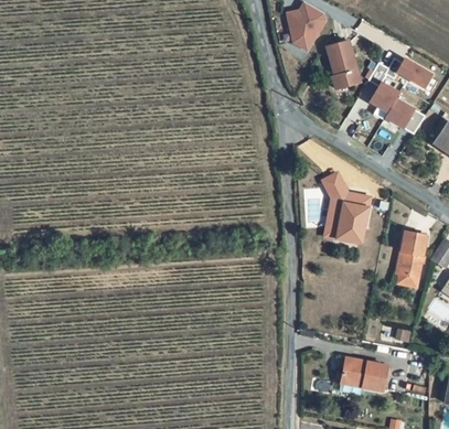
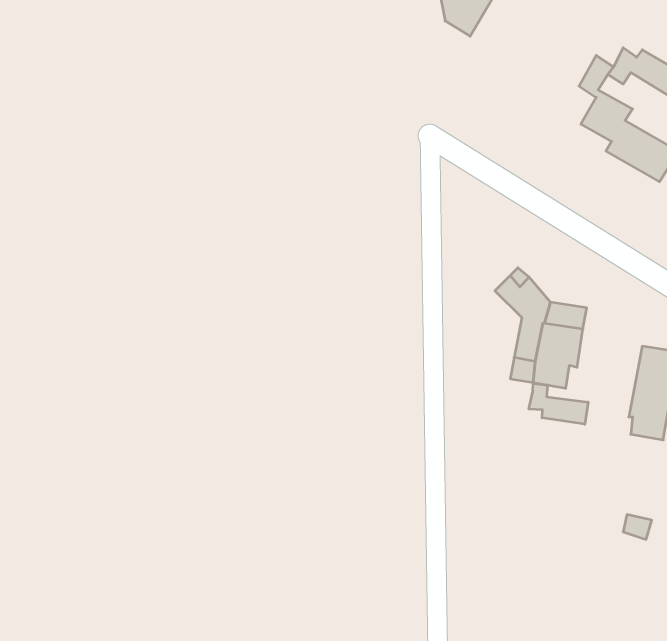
building: [328,42,357,87] -> none
building: none -> [529,383,588,424]
building: [340,355,387,388] -> none

